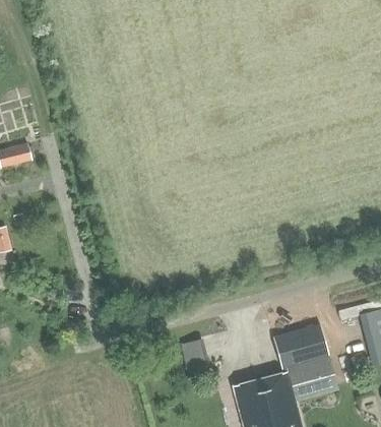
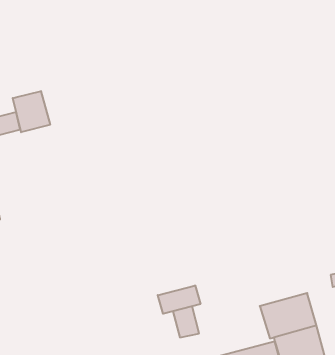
building: none -> [13,91,50,132]
building: none -> [158,285,200,314]

